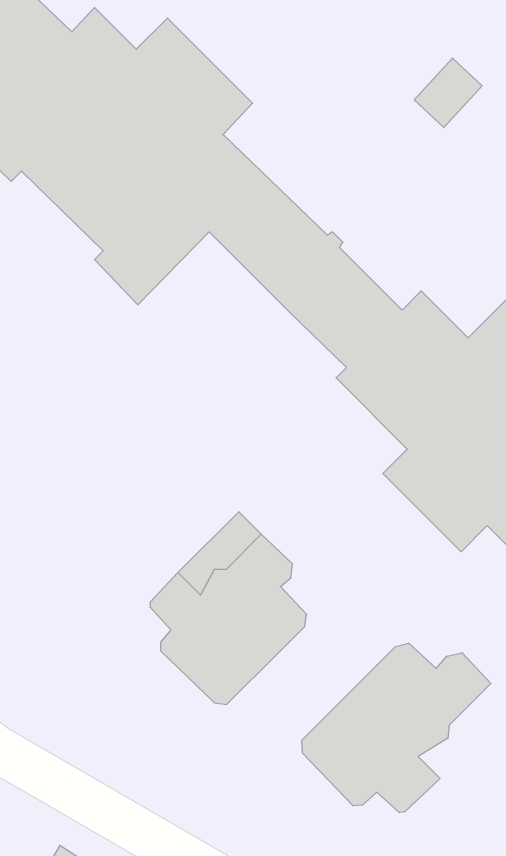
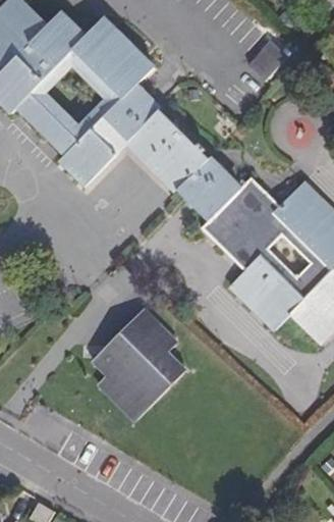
building: [302,643,491,813] -> none

